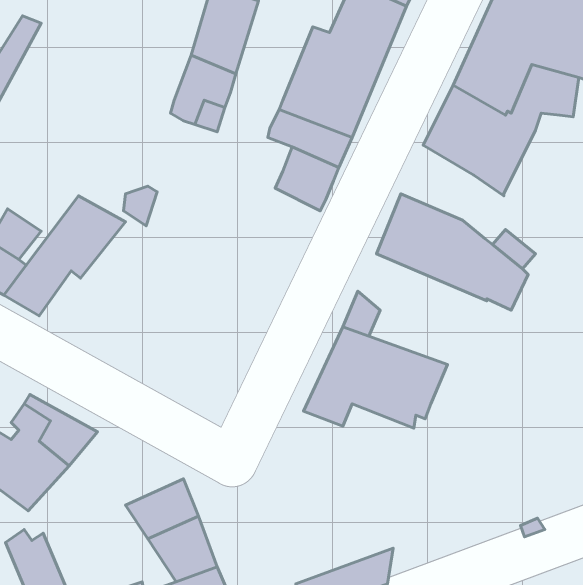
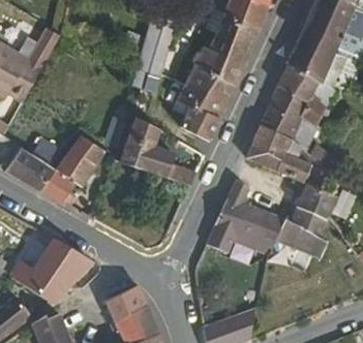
building: none -> [256,99,317,151]
building: none -> [125,121,196,184]
building: none -> [273,184,333,259]

